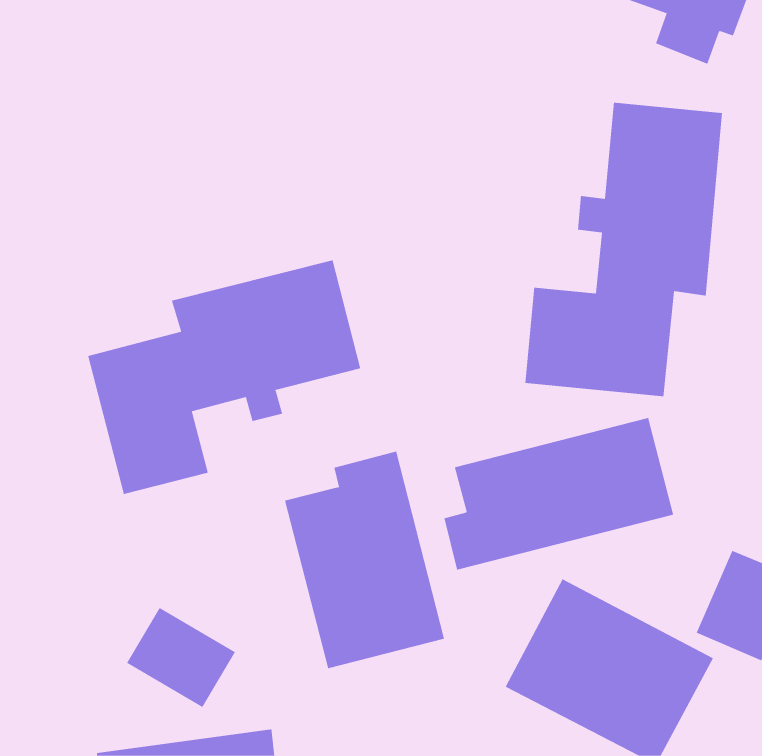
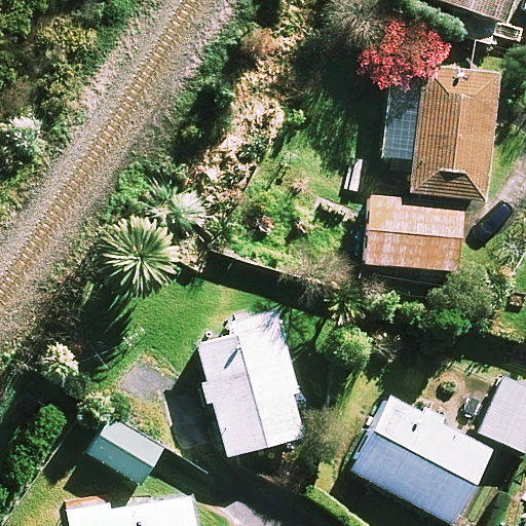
building: [88,260,361,495] -> none
building: [444,417,674,571] -> none

